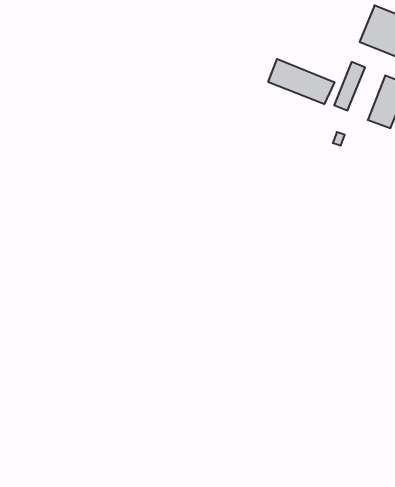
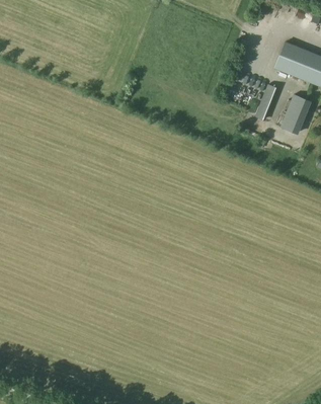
building: [268,59,334,104] -> none

